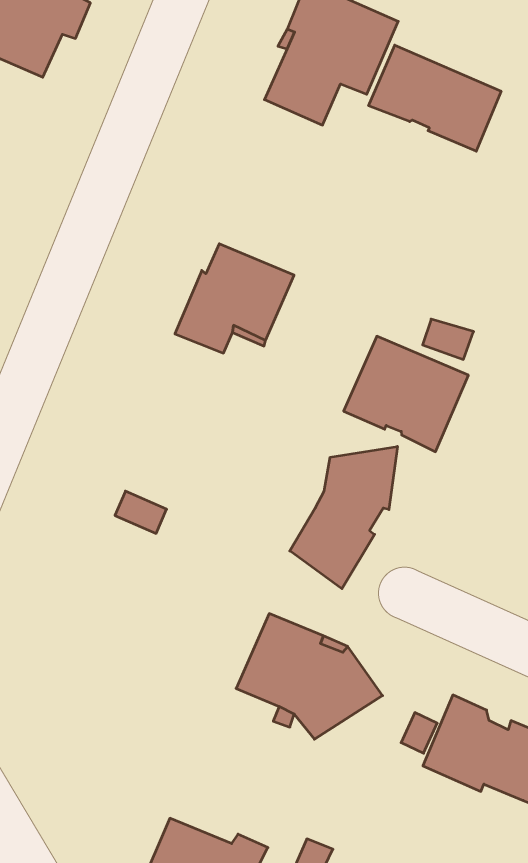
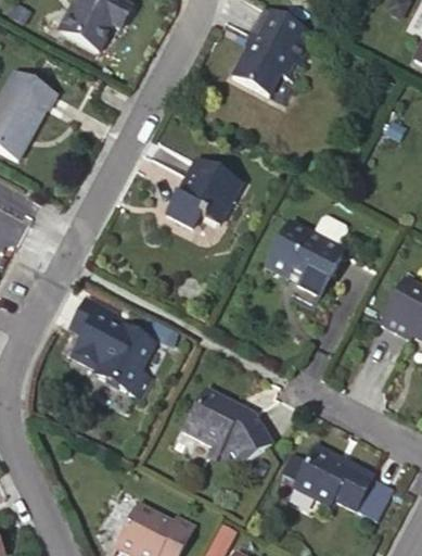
building: [369,45,501,151] -> none
building: [290,446,397,589] -> none
building: none -> [67,294,151,394]

